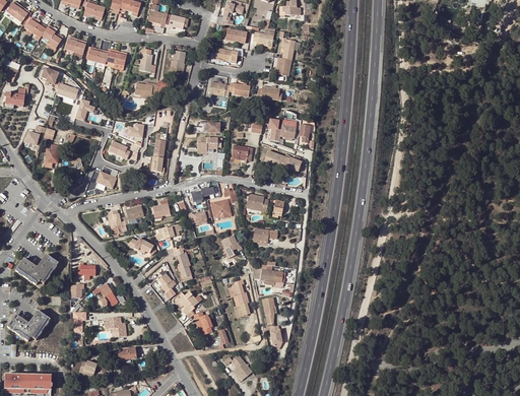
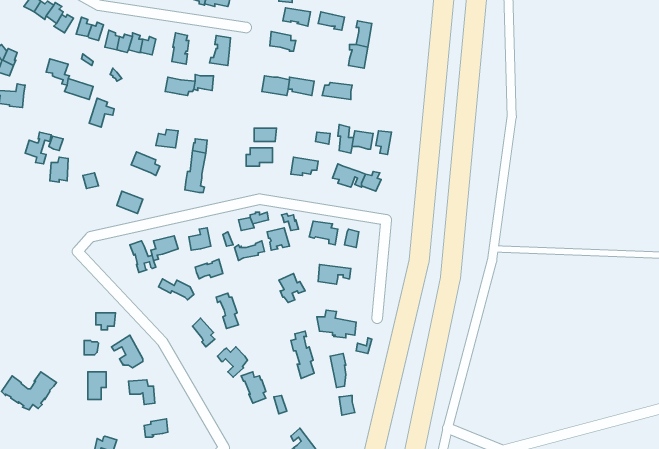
building: [15,254,58,284] -> none

